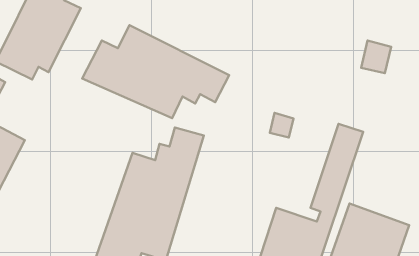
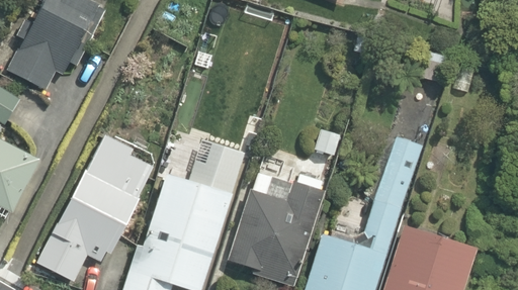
building: [82,25,229,118] -> none
building: none -> [36,128,159,282]
building: none -> [231,160,325,281]

